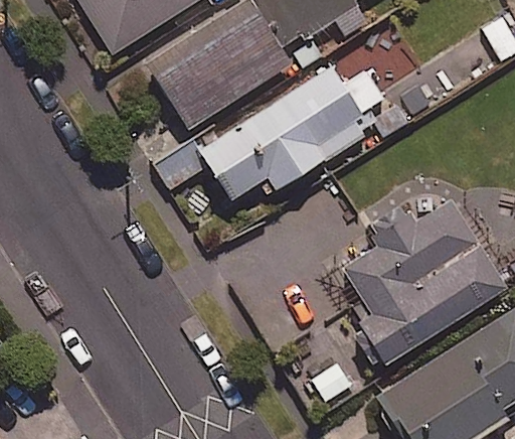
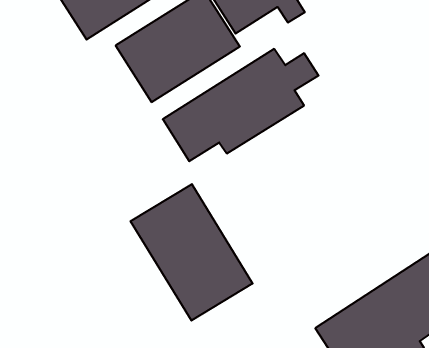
building: [336,194,508,364] -> none
building: none -> [131,184,253,321]

